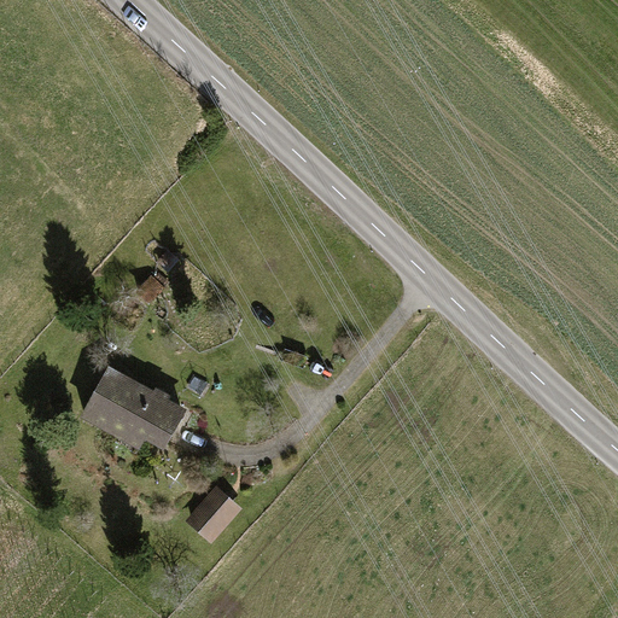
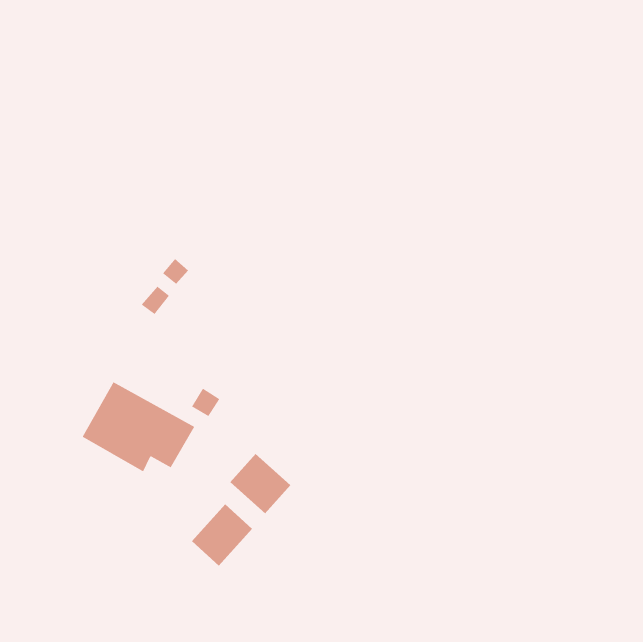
building: none -> [229,453,291,514]

